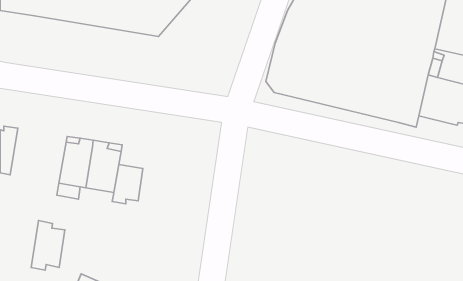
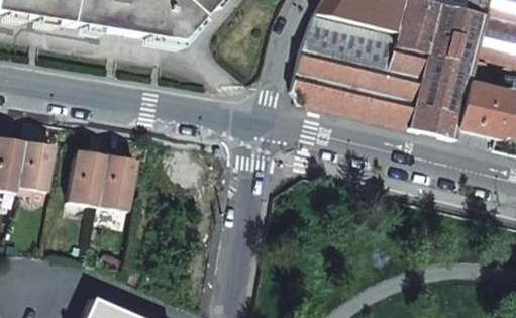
building: [112,165,143,204] -> none
building: [31,221,65,270] -> [17,139,54,193]

